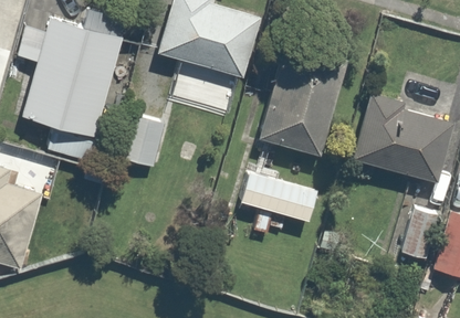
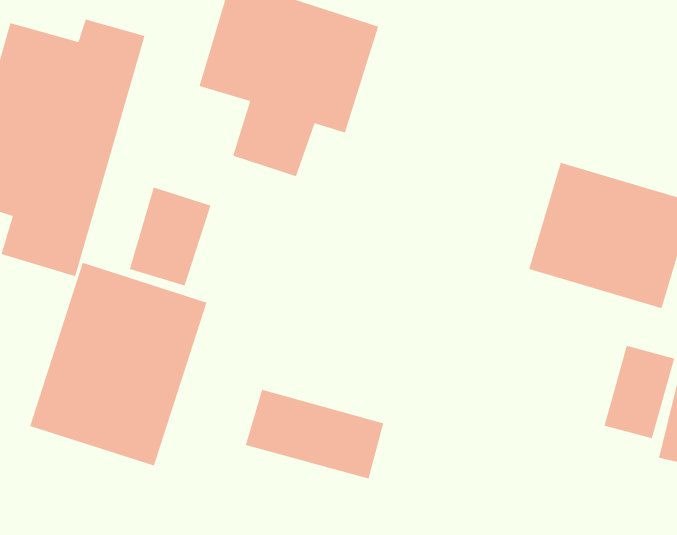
building: [258,49,342,156] -> none
building: none -> [29,262,208,467]
building: [239,171,321,224] -> [245,389,384,479]

